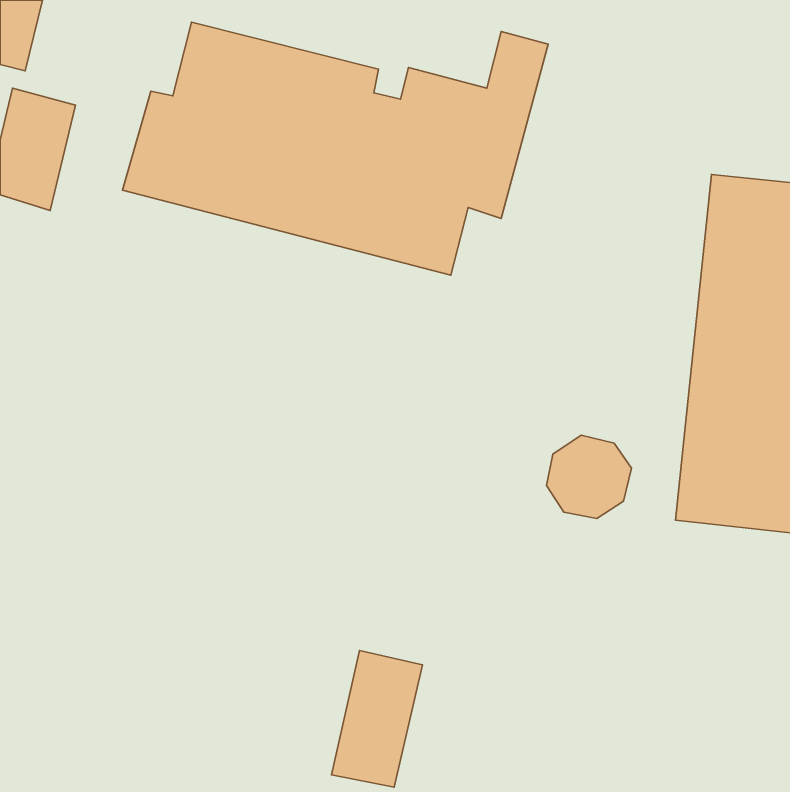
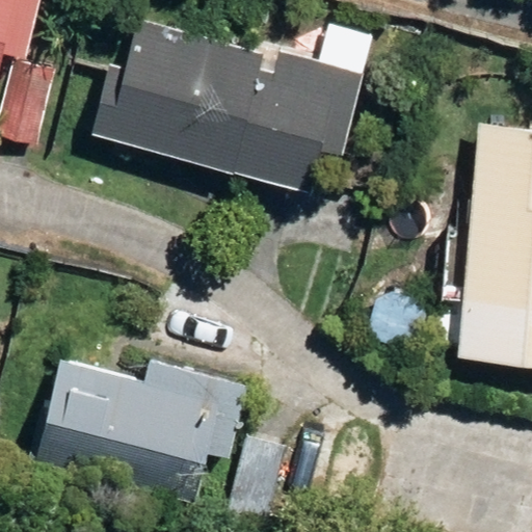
building: none -> [30,357,247,502]

